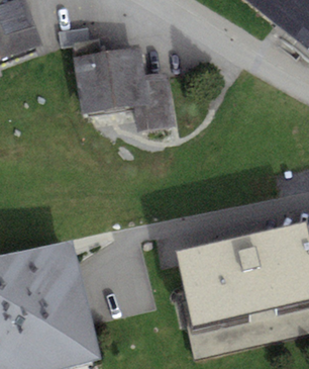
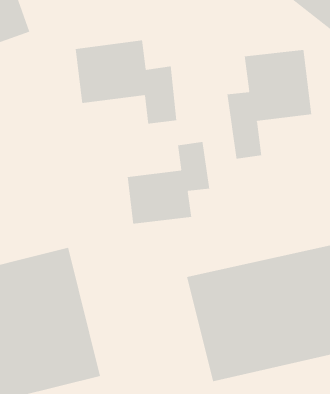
building: none -> [227,49,312,159]
building: none -> [127,141,210,224]

